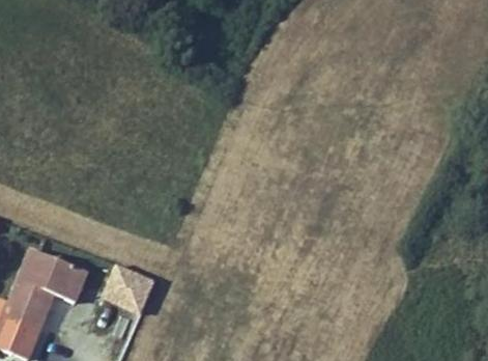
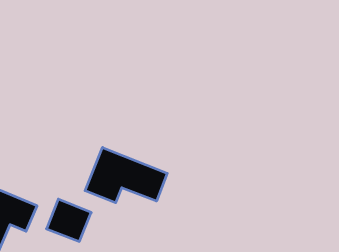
building: none -> [85,147,167,203]

